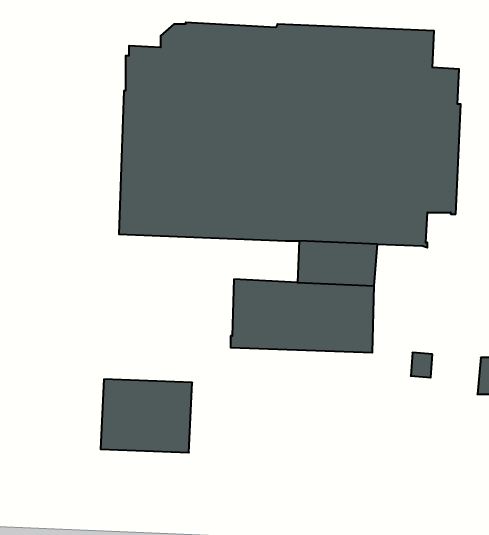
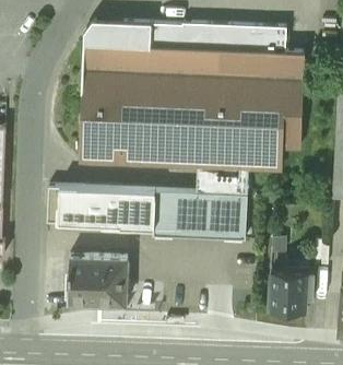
building: none -> [47,185,155,229]
building: none -> [269,270,314,318]

